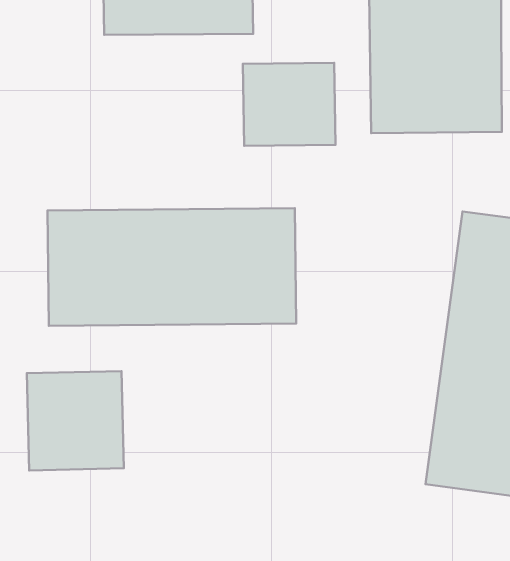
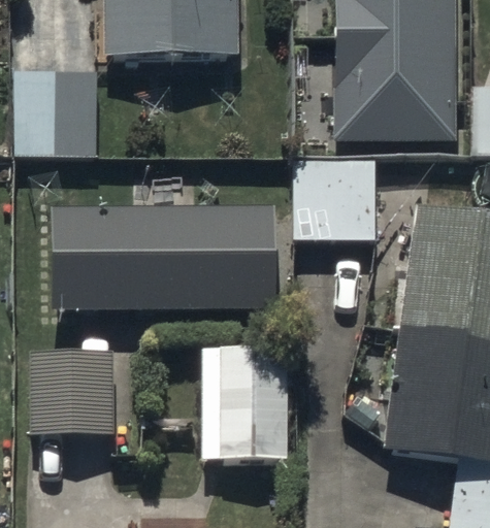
building: none -> [18,74,98,158]
building: [243,63,335,146] -> [292,159,374,233]
building: none -> [203,345,288,463]

